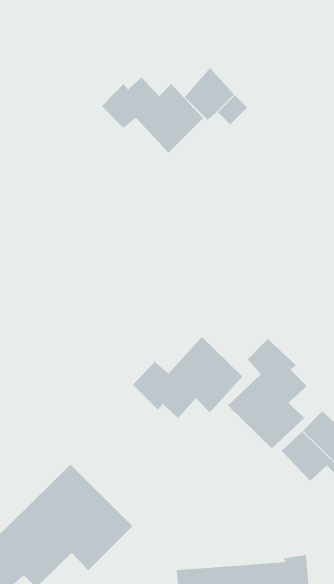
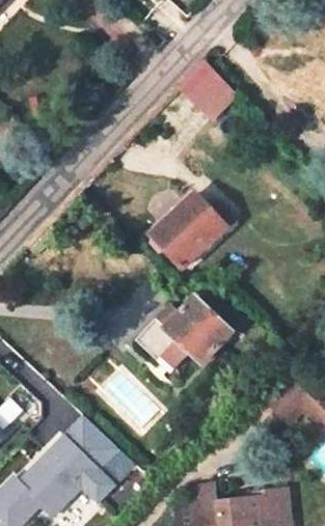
building: [101,76,204,154] -> none
building: none -> [151,193,235,270]
building: [227,338,307,449] -> none

